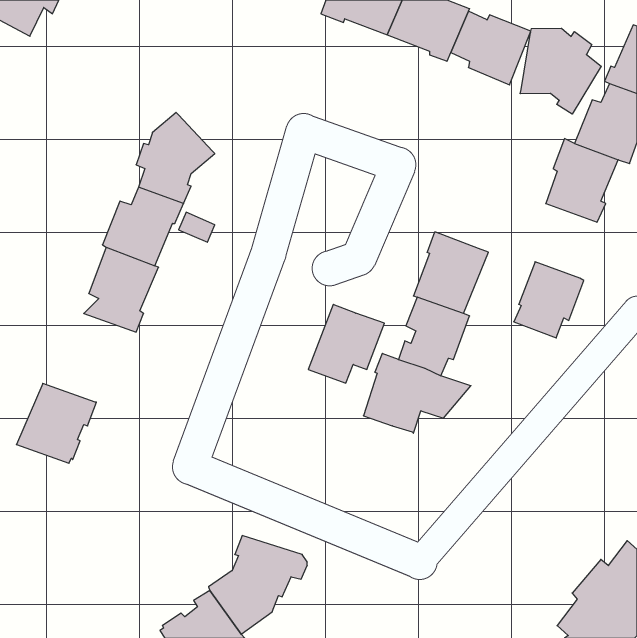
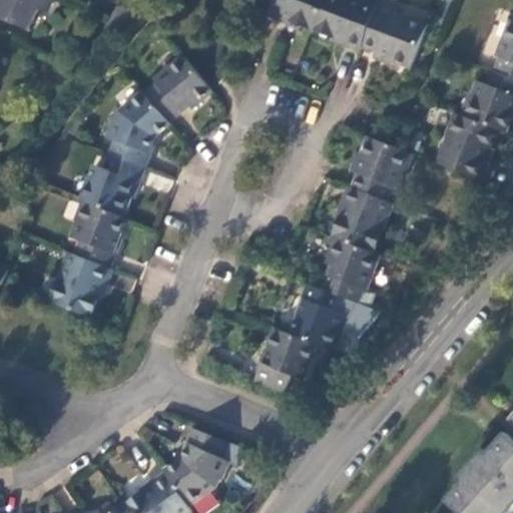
building: [520,28,601,114] -> none
building: none -> [143,53,211,121]
building: [514,262,584,338] -> [350,138,406,199]
building: [308,304,384,383] -> [253,327,315,390]
building: [16,383,96,463] -> [46,251,110,316]

